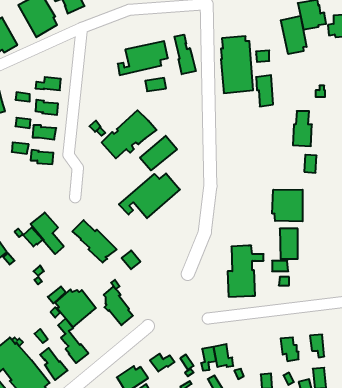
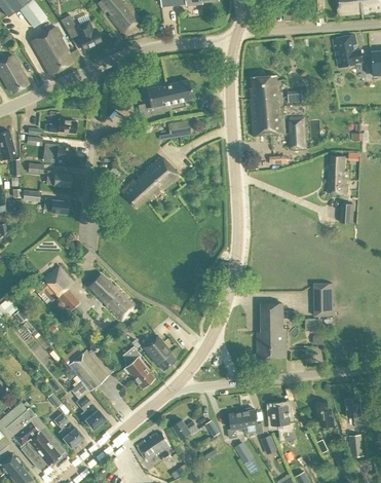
building: [281,16,307,54] -> none
building: [174,35,196,74] -> none
building: [140,136,177,170] -> none
building: [119,173,180,218] -> none
building: [272,190,303,221] -> none
building: none -> [142,335,175,369]
building: none -> [270,405,295,434]

